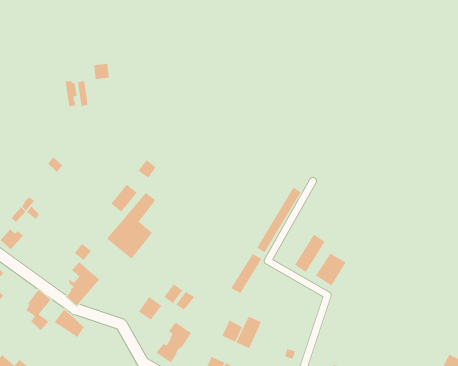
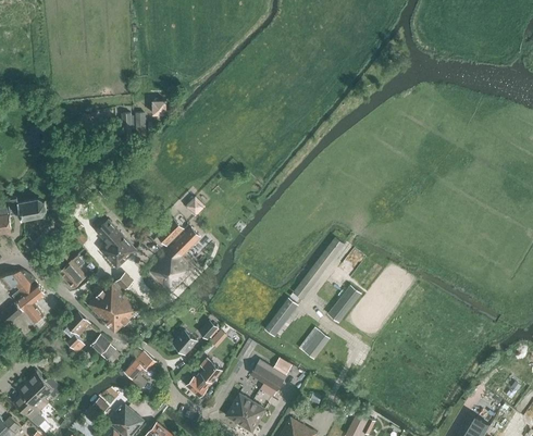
building: none -> [97,222,136,267]
building: none -> [59,254,87,287]
building: [315,253,346,286] -> [299,327,331,360]
building: none -> [88,282,121,322]
building: none -> [126,351,157,388]

